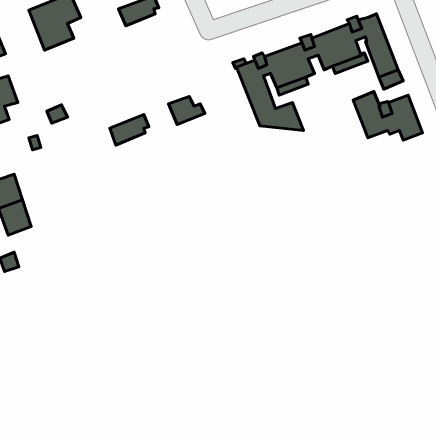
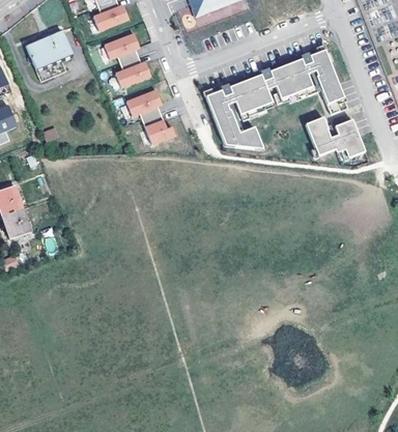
building: none -> [115,63,150,88]
building: [110,115,149,145] -> [126,90,160,116]

